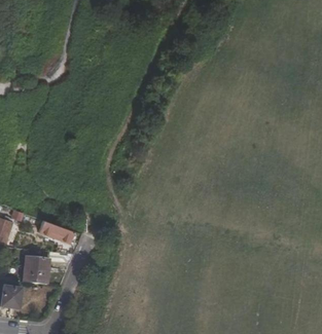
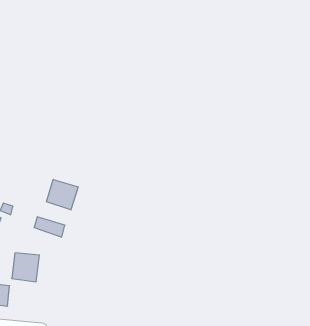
building: none -> [47,179,78,210]

